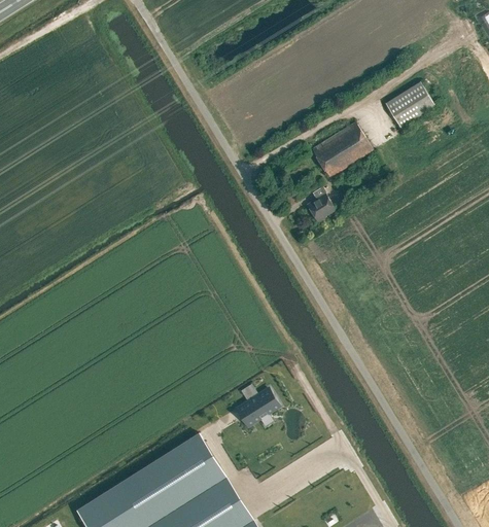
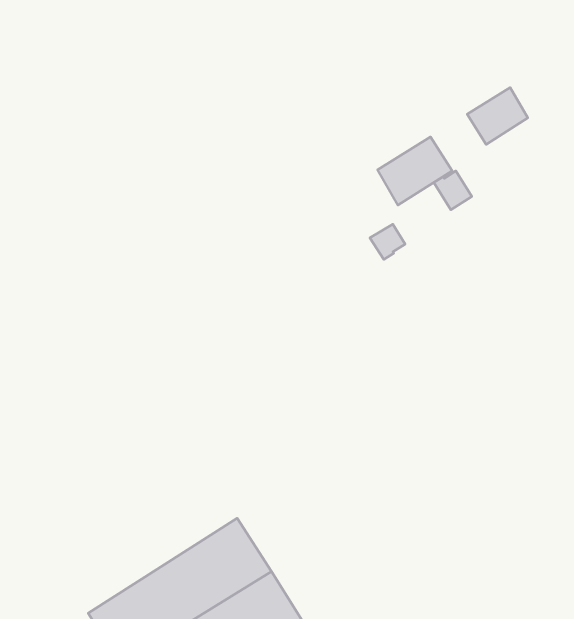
building: none -> [434,171,472,210]
building: [234,383,276,420] -> none

